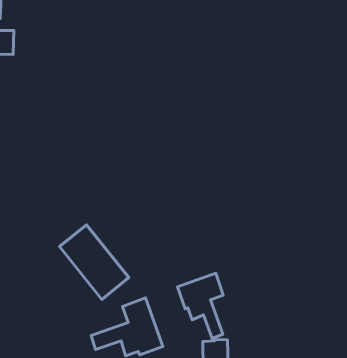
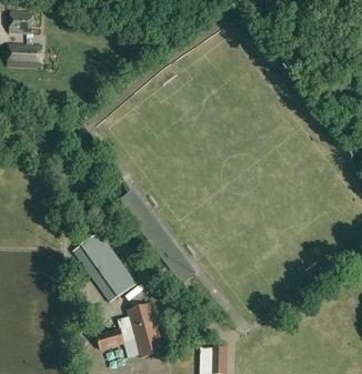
building: [178,273,223,339] -> none

